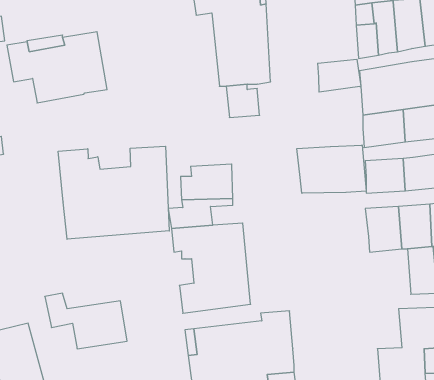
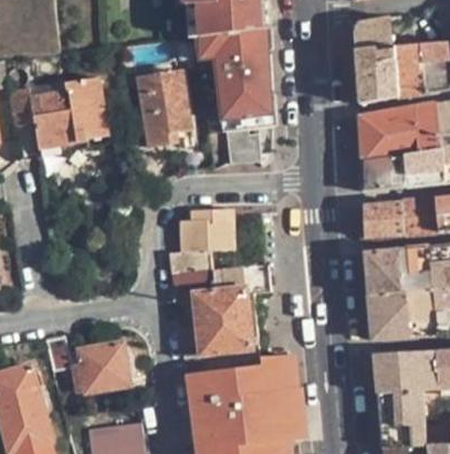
building: none -> [138,71,190,147]
building: [318,59,361,92] -> none
building: [297,145,366,193] -> none
building: [58,146,169,239] -> none
building: none -> [369,293,410,340]
building: none -> [374,352,401,392]

